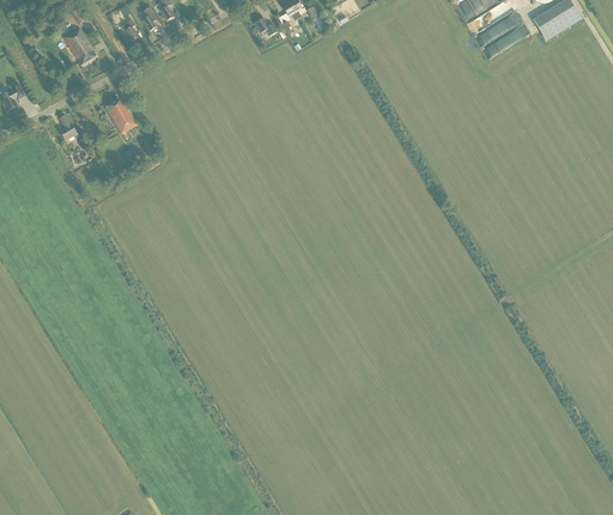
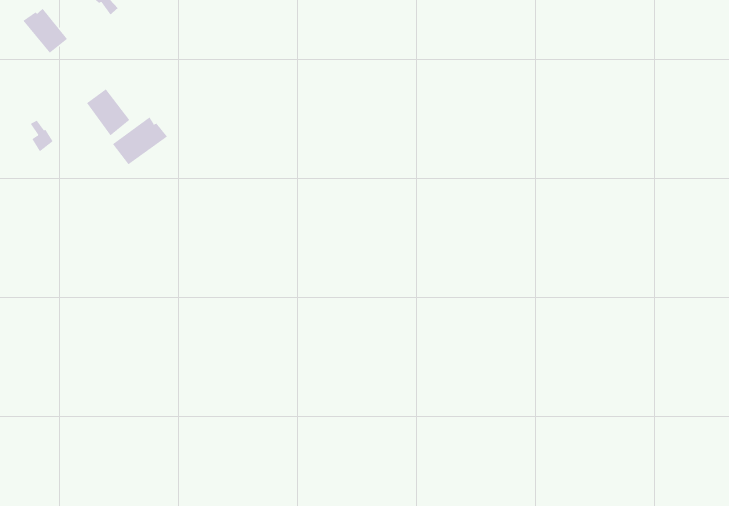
building: none -> [112,117,168,165]

